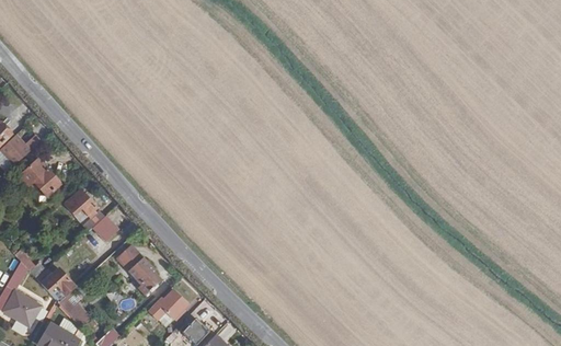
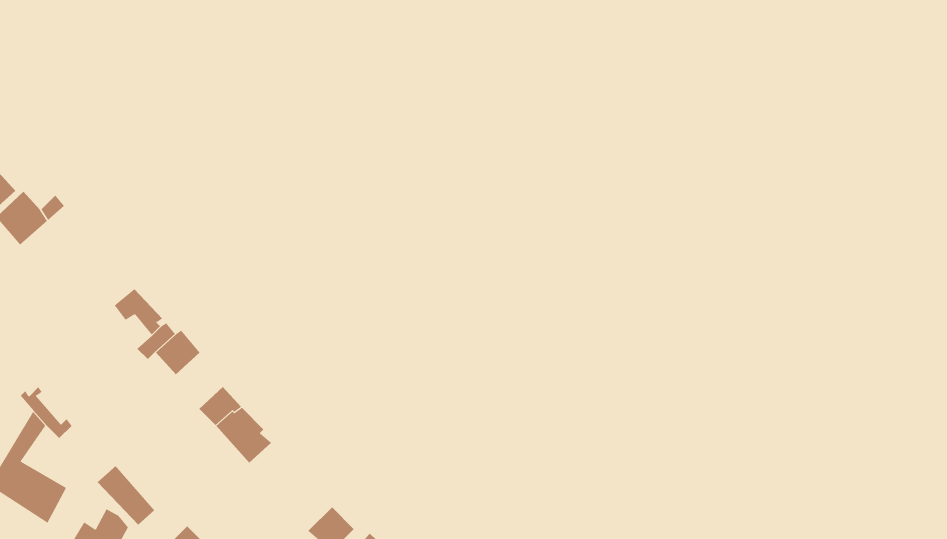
building: [24,158,59,195] -> none
building: [42,269,76,303] -> none
building: [146,290,187,321] -> none

